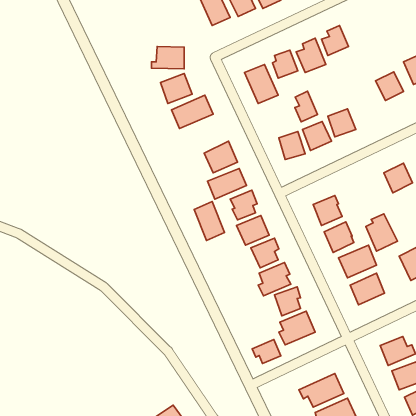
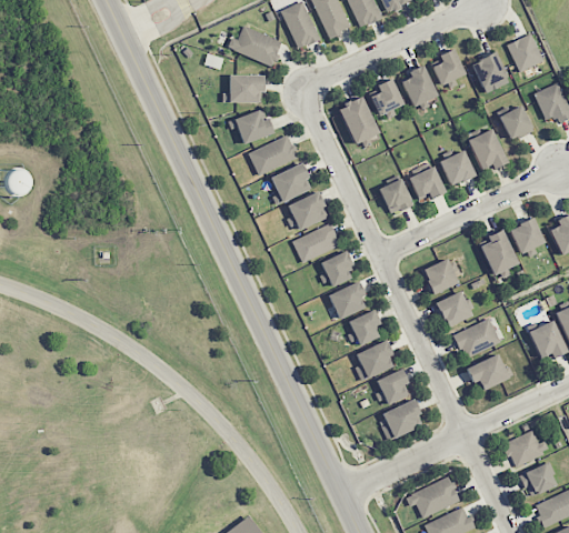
building: none -> [228,26,282,66]
building: none -> [507,33,543,72]
building: none -> [471,52,509,93]
building: none -> [468,129,507,172]
building: [295,91,318,122] -> none
building: none -> [270,163,312,203]
building: [194,201,224,240] -> none
building: [366,214,397,251] -> [480,230,519,275]
building: [252,340,281,363] -> none

